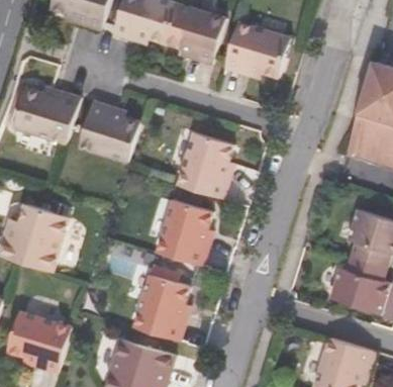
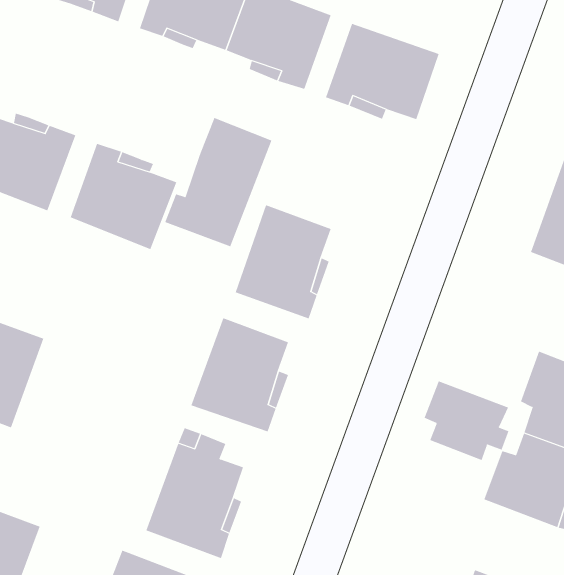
building: none -> [165,117,272,247]
building: none -> [424,380,509,461]

